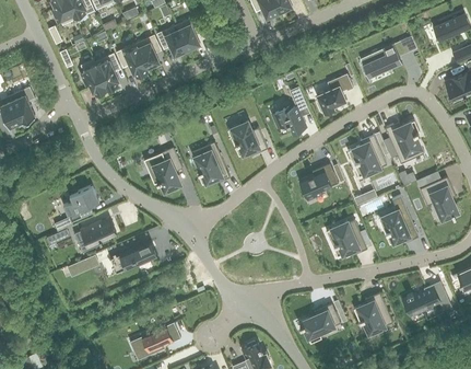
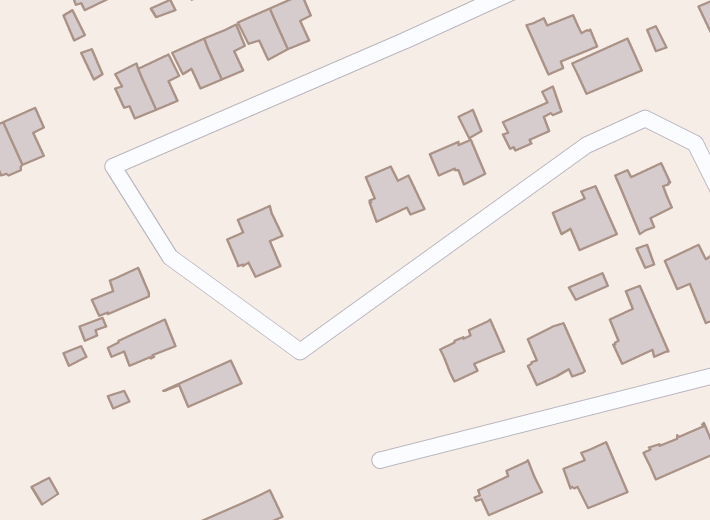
building: none -> [526,15,597,75]
building: [196,142,231,185] -> none
building: [299,163,339,201] -> [440,319,504,382]

